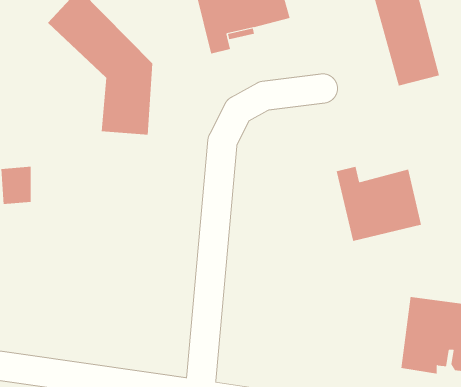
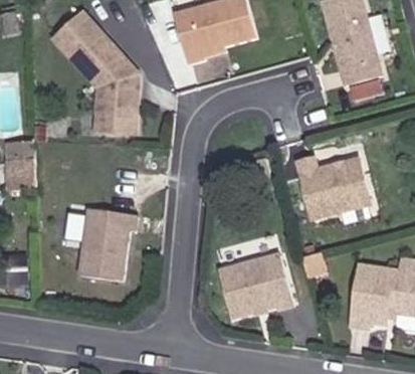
building: none -> [76,206,136,282]
building: none -> [224,250,298,318]

